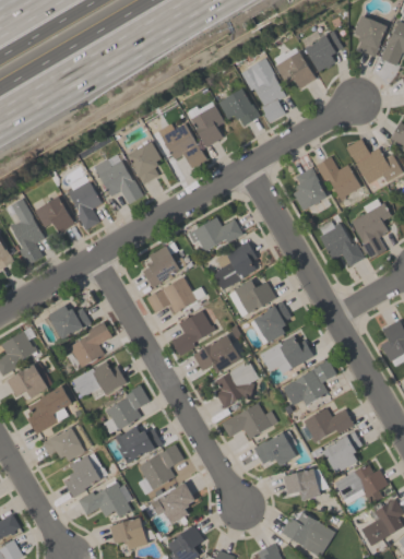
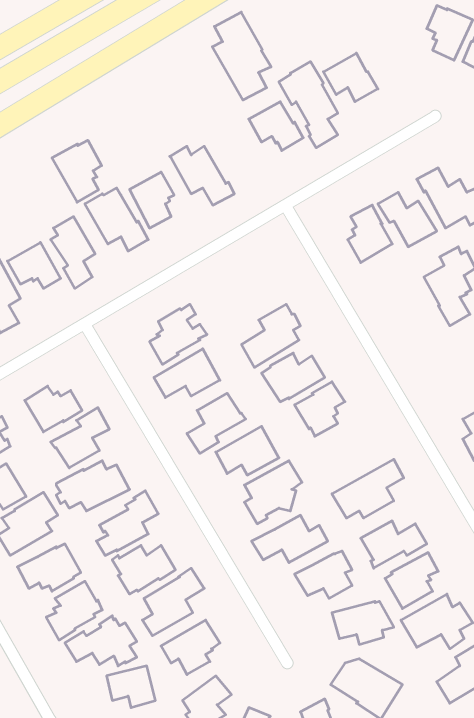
building: none -> [212,12,271,100]
building: [305,29,344,72] -> none
building: [190,105,225,146] -> none
building: none -> [52,140,102,202]
building: [187,216,243,251] -> none
building: [319,221,364,266] -> none
building: [260,335,313,373] -> none

